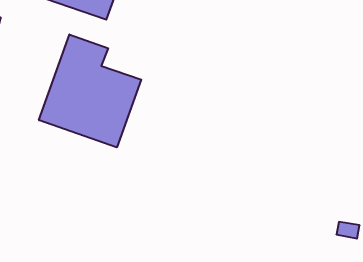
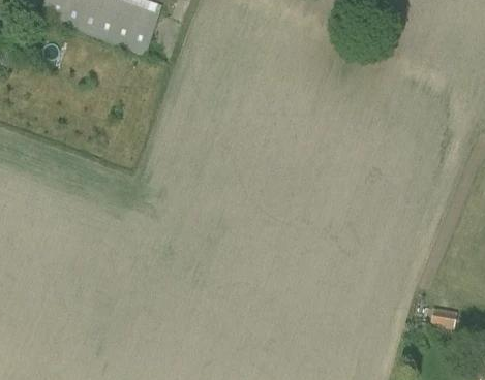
building: [39,34,141,147] -> none

